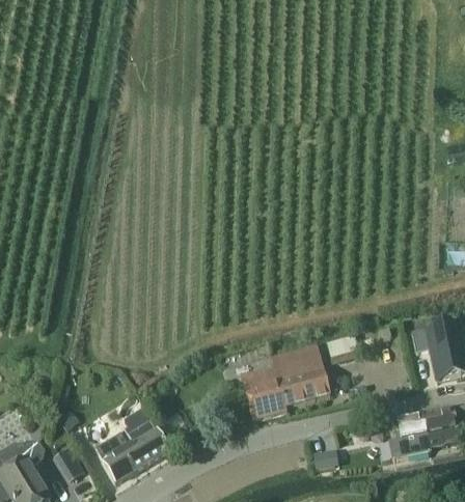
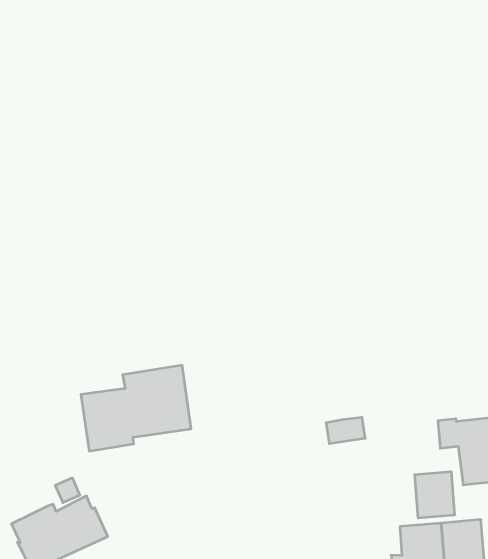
building: [241,345,328,419] -> [81,365,191,451]
building: none -> [415,472,454,518]

